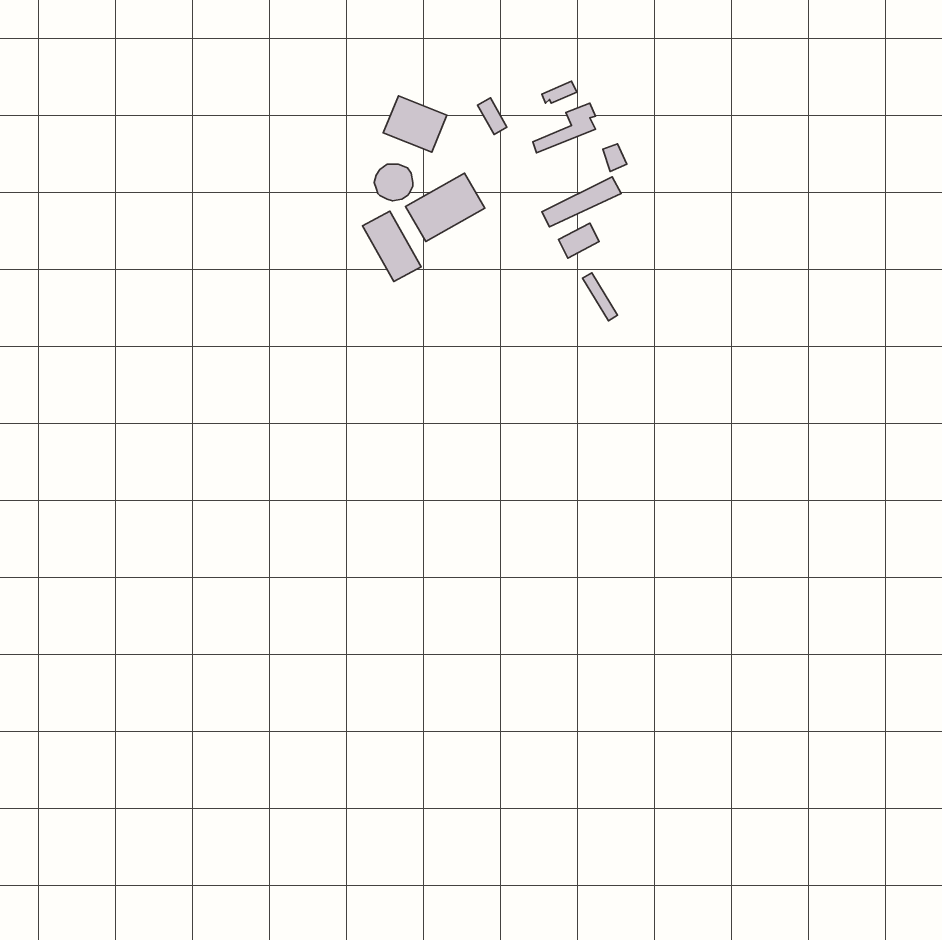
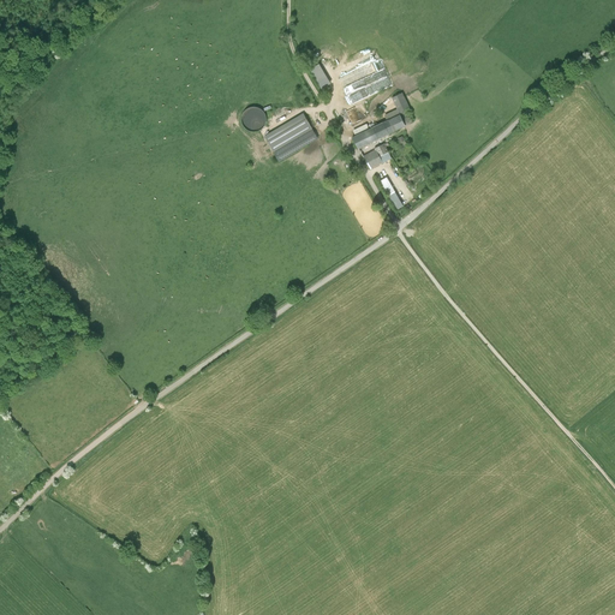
building: [383,96,447,152] -> none
building: [363,211,421,282] -> none

